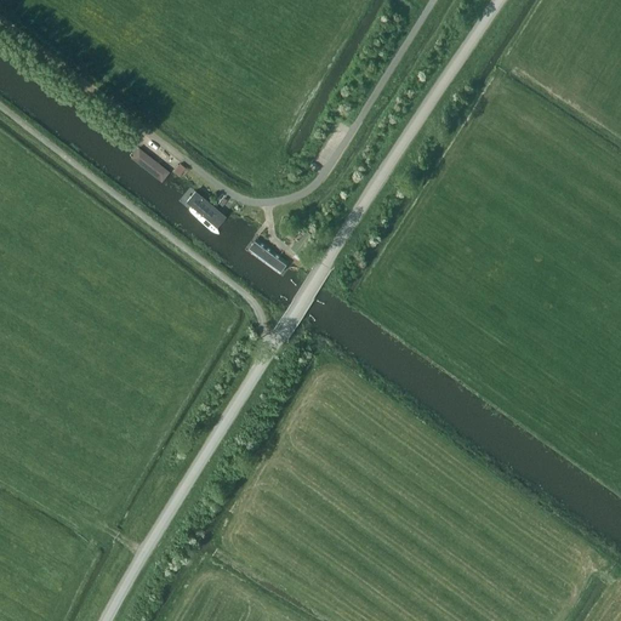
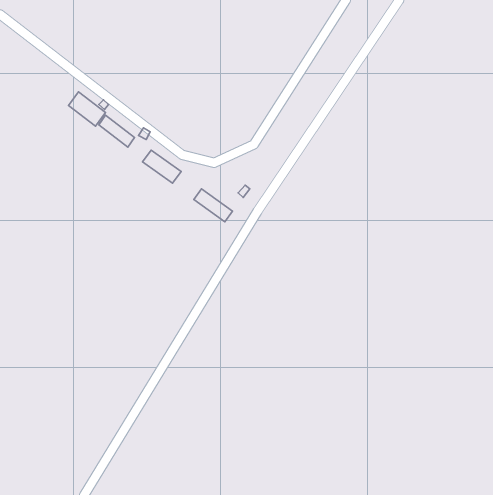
building: none -> [69,92,106,126]

